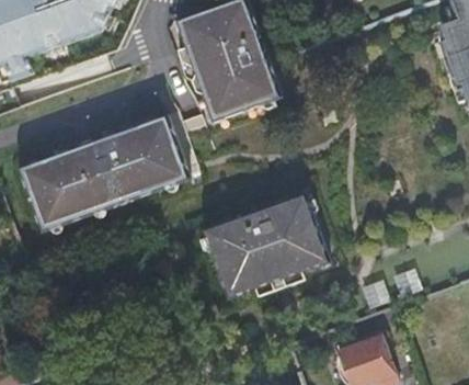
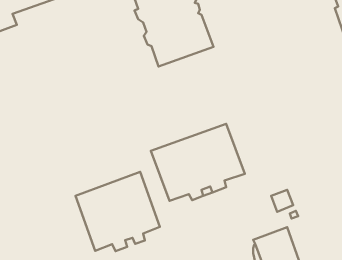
building: [20,113,191,230] -> none
building: none -> [75,172,160,251]

